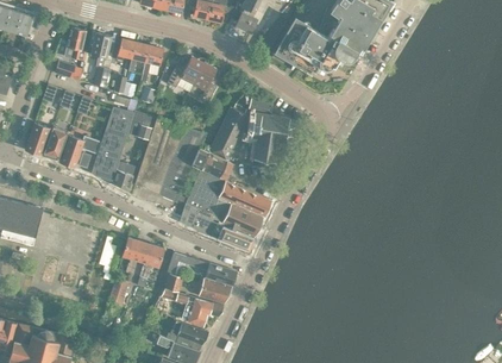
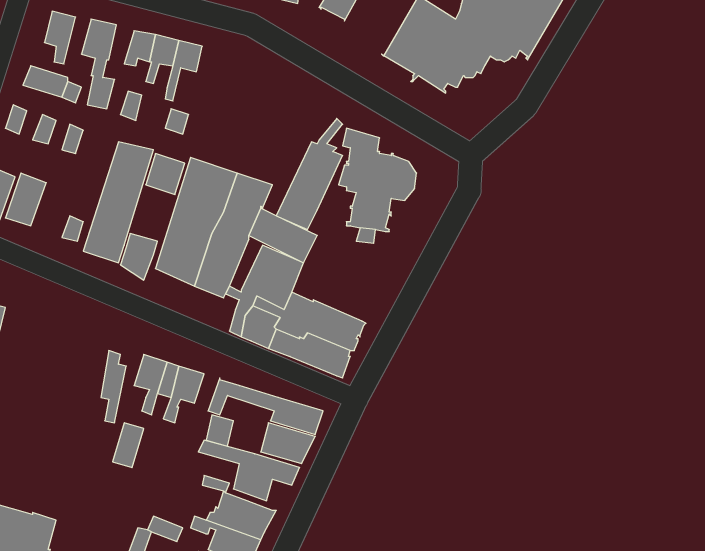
building: [167,56,217,104] -> none
building: [59,134,100,168] -> none
building: [218,181,271,217] -> none

